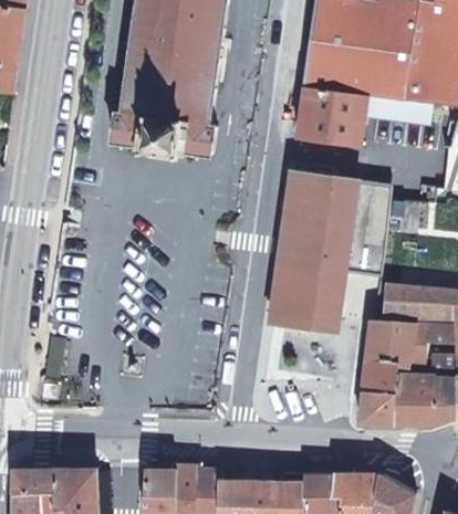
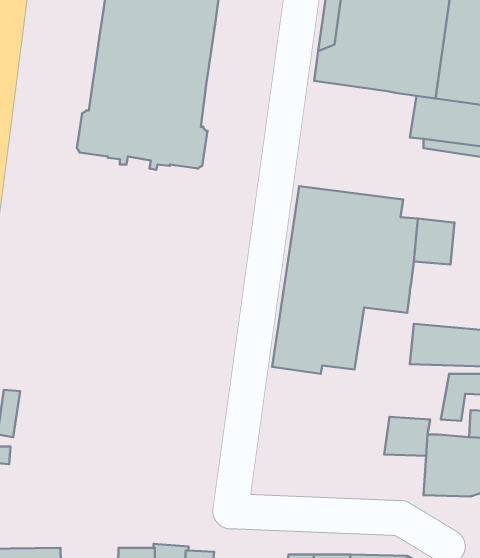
building: [295,85,365,147] -> none
building: [365,322,414,375] -> none
building: [356,391,395,424] -> none

